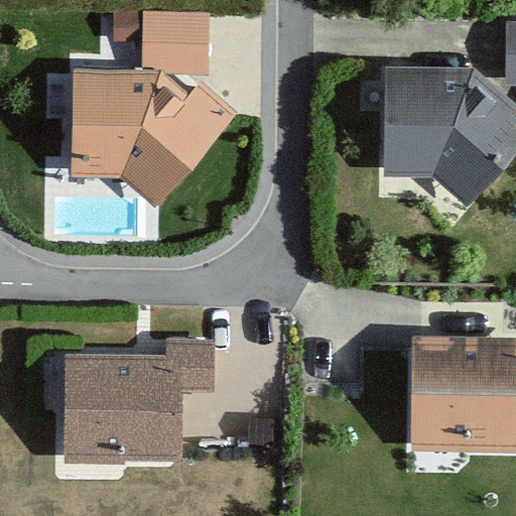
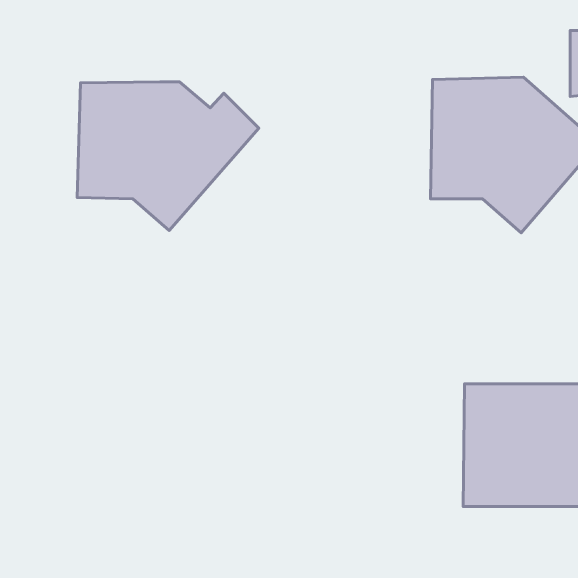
building: [144,15,207,73] -> none
building: [63,341,210,460] -> none

